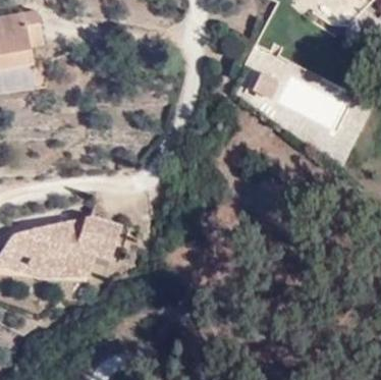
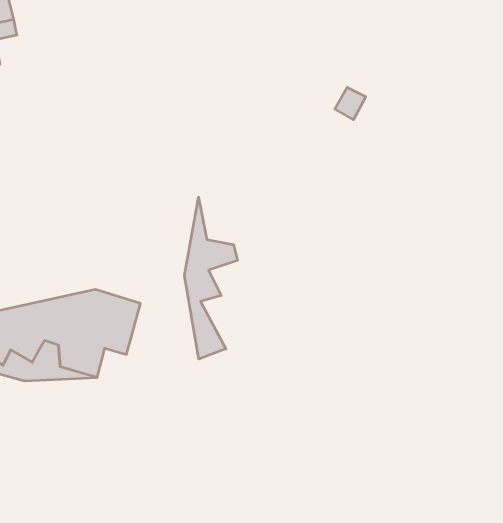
building: none -> [184,197,237,359]

